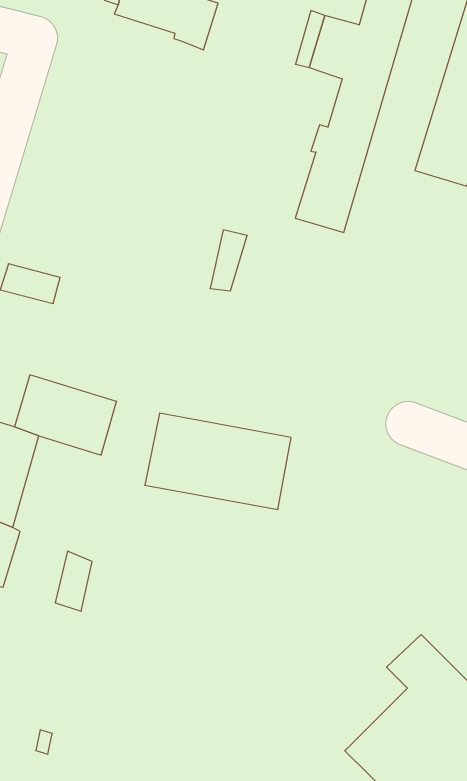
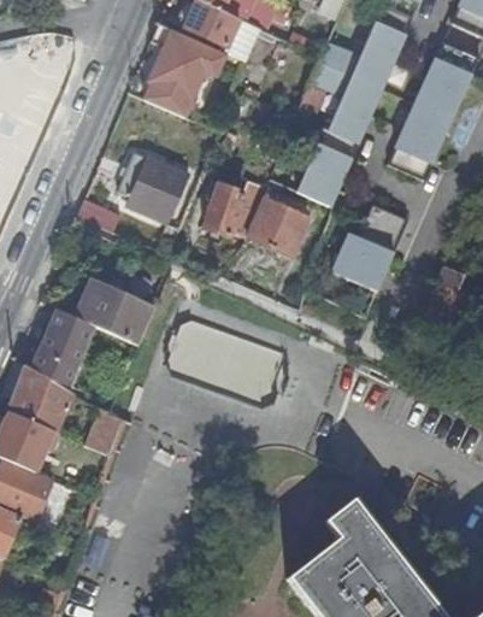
building: none -> [148,22,230,116]
building: none -> [119,152,196,222]
building: none -> [204,181,245,235]
building: none -> [332,204,408,292]
building: none -> [248,196,310,255]

